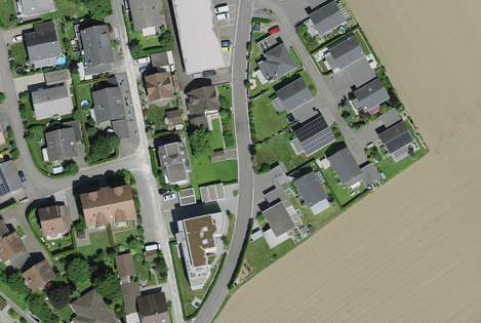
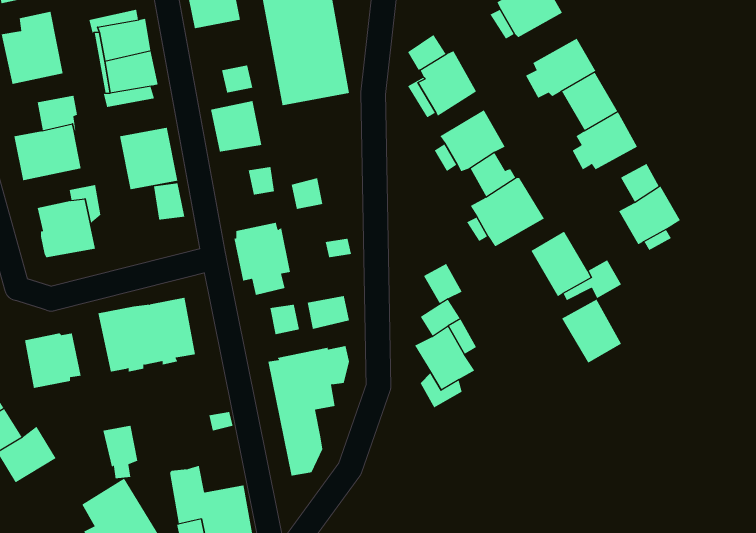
building: [187,85,218,115] -> none
building: [292,171,327,208] -> [561,299,622,363]
building: [114,253,134,284] -> [102,425,138,479]

